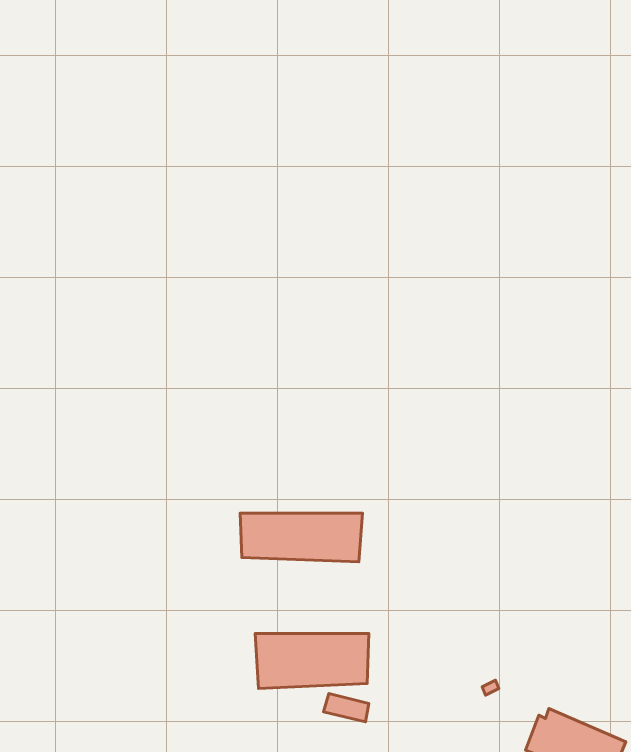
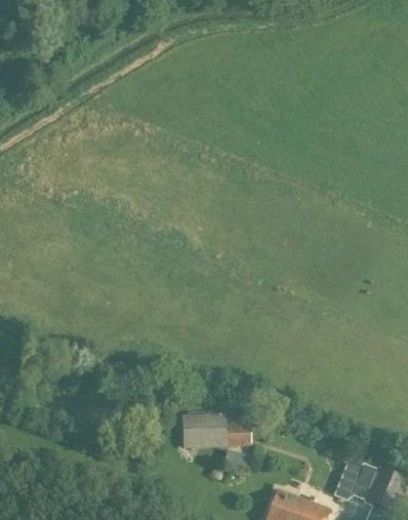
building: [240,513,363,562] -> none

